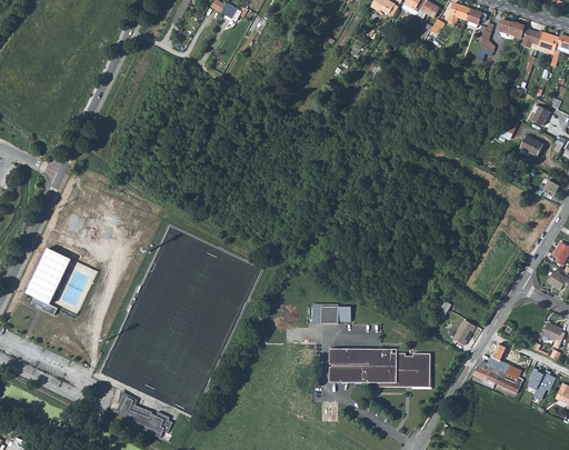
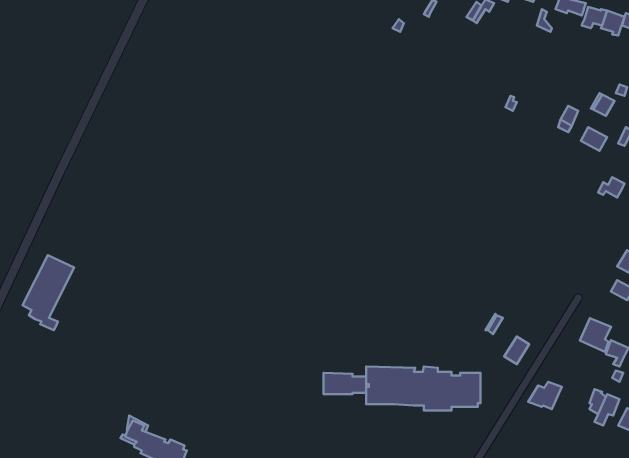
building: [313,302,351,321] -> [324,373,366,394]
building: [495,364,522,394] -> [580,318,611,352]

